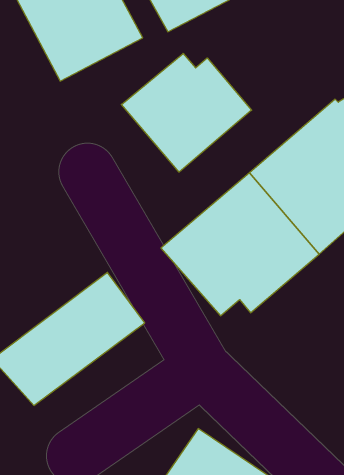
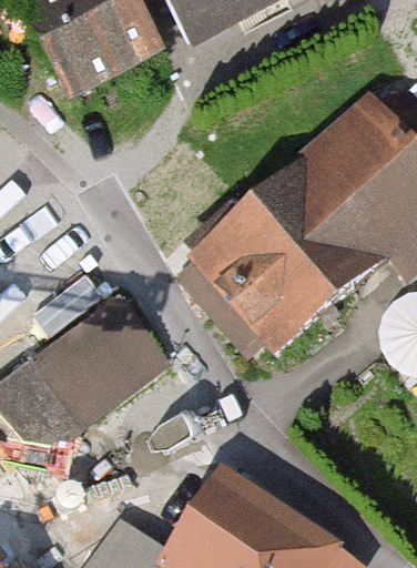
building: [121,53,252,172] -> none

